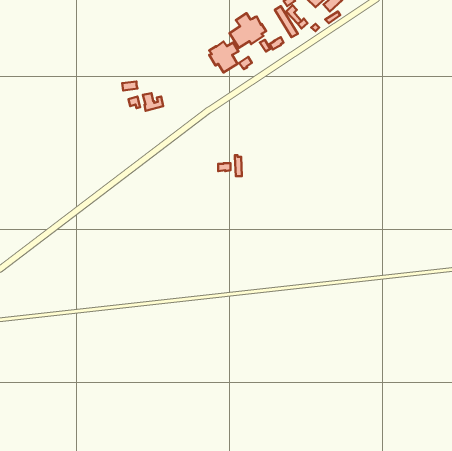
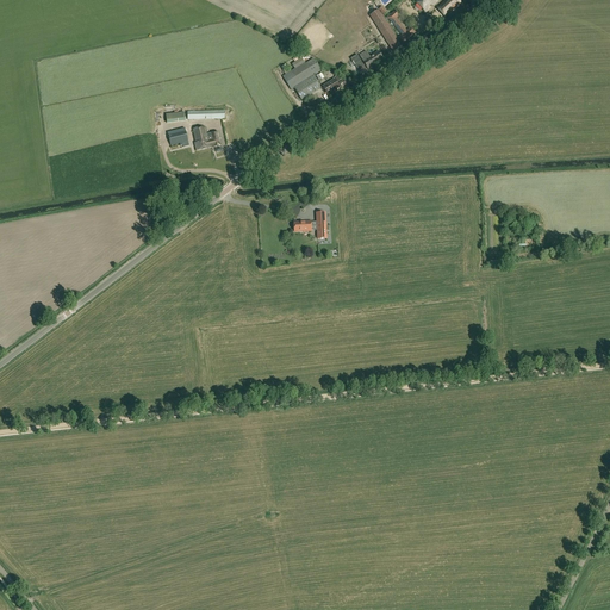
building: [230,13,266,48] -> none

